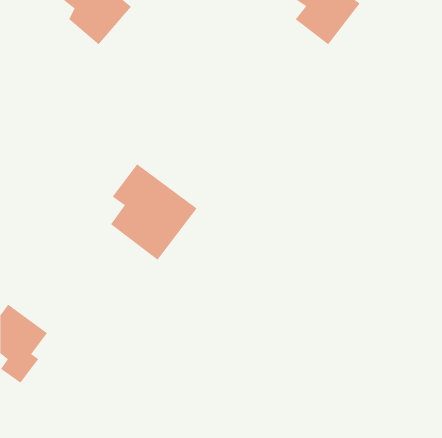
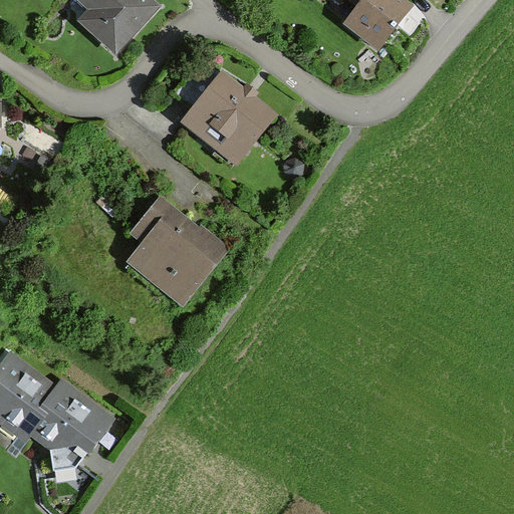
building: none -> [180,73,275,168]
building: none -> [33,380,110,465]

